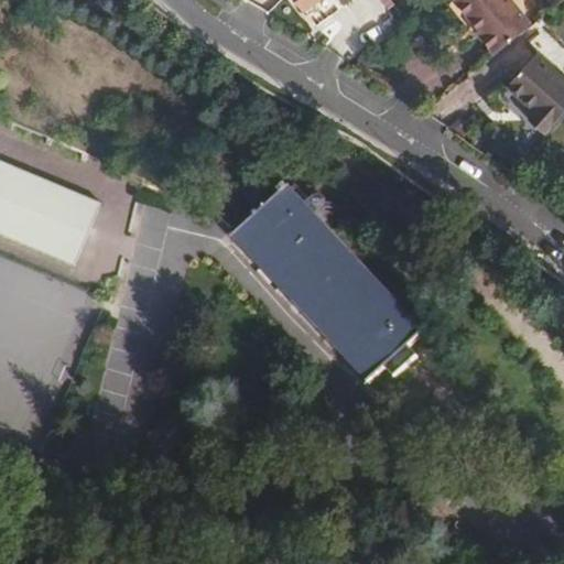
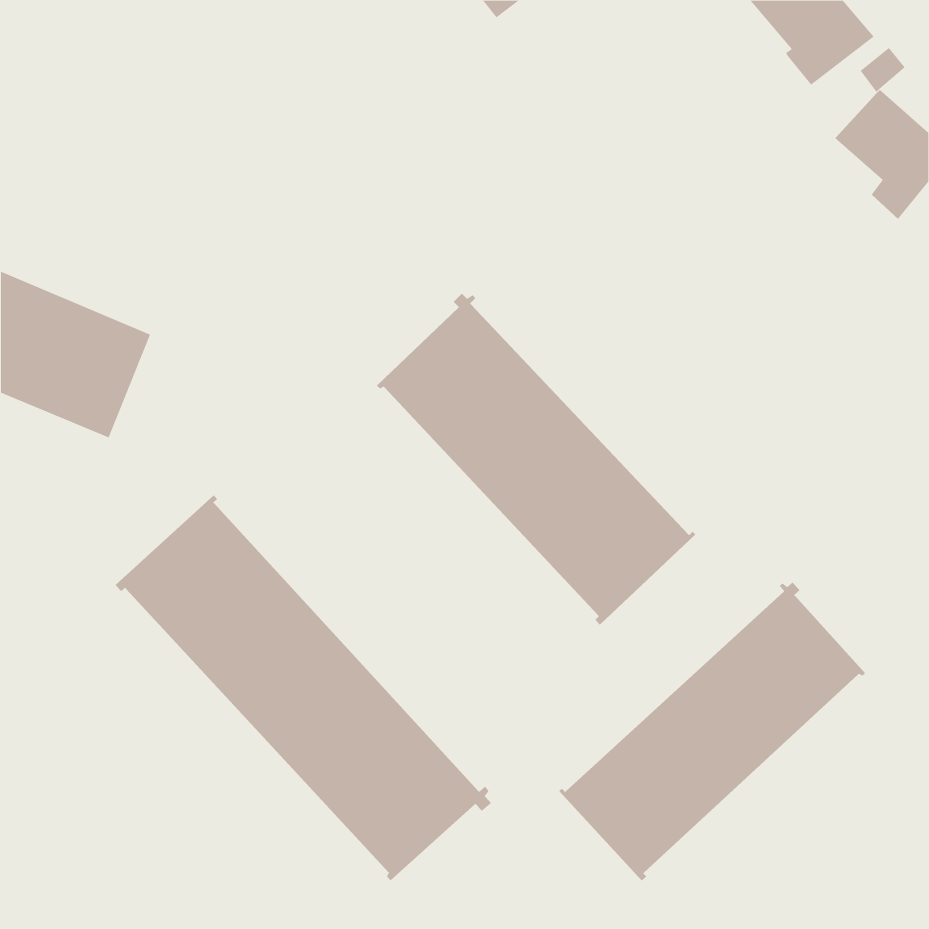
building: none -> [115,494,492,881]
building: none -> [558,582,866,882]

